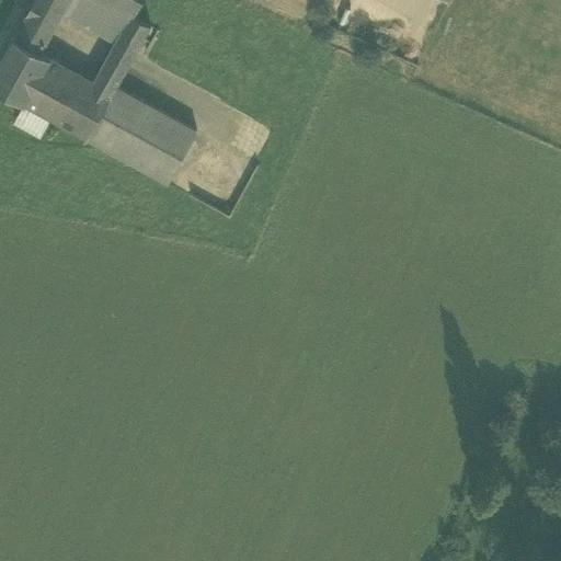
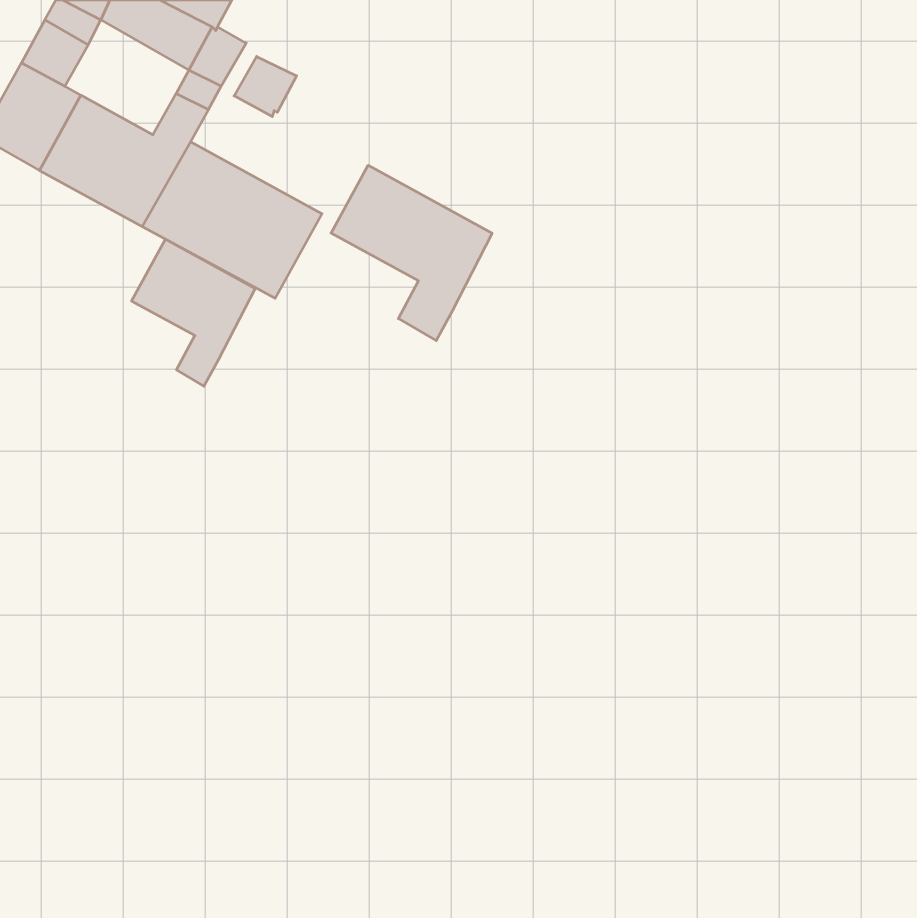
building: none -> [234,56,297,117]
building: none -> [331,165,492,341]
building: none -> [132,239,255,386]

